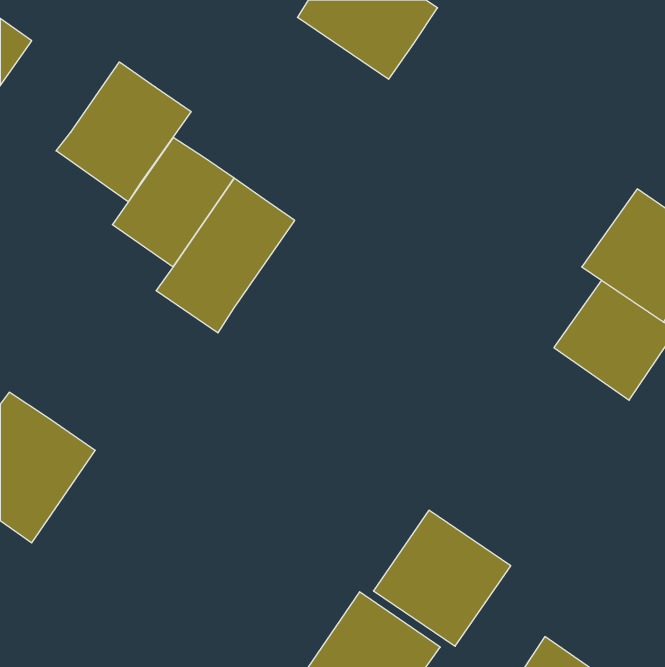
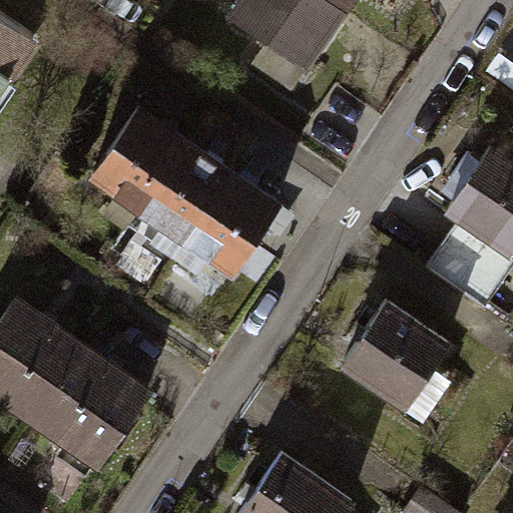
building: [56,62,191,202] -> none
building: none -> [185,173,278,272]
building: none -> [32,348,145,463]
building: [373,510,511,646] -> [344,302,448,405]

